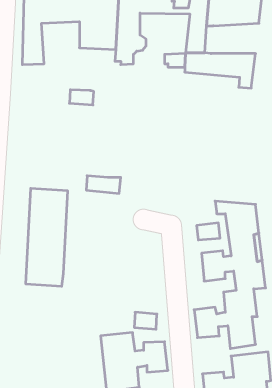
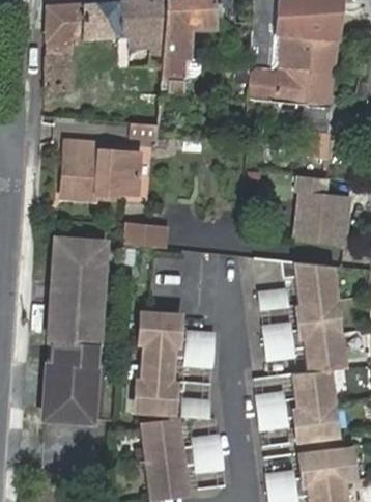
building: none -> [278,40,337,78]
building: none -> [61,143,140,201]
building: none -> [293,174,348,243]
building: none -> [138,309,216,414]
building: none -> [46,361,94,417]

